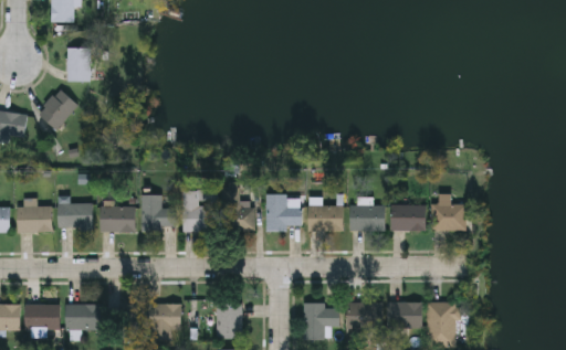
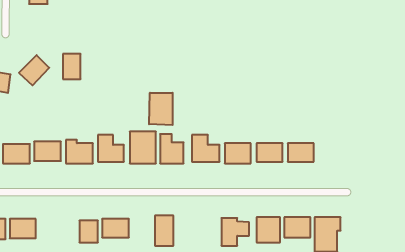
building: [67,47,91,81] -> [63,54,81,79]
building: none -> [149,93,173,125]
building: [432,194,467,230] -> none
building: [65,305,98,329] -> none

